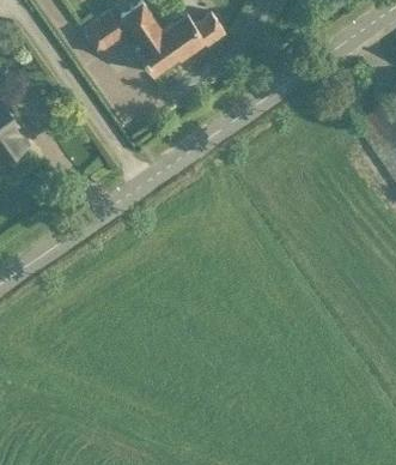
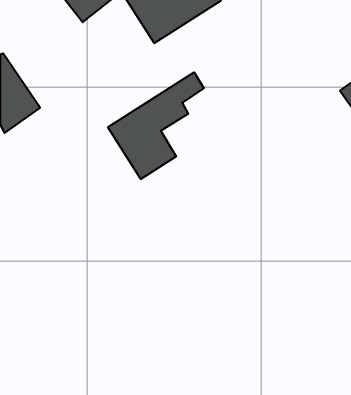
building: none -> [108,72,204,179]

